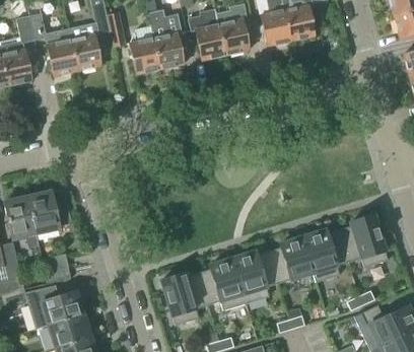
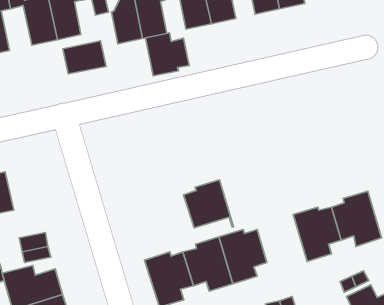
building: none -> [145,33,189,76]
building: none -> [63,41,106,74]
building: [28,192,69,232] -> none
building: [269,236,317,282] -> [183,180,233,228]

